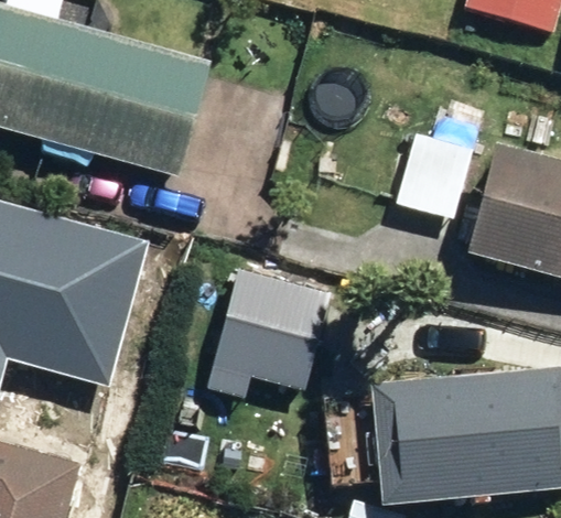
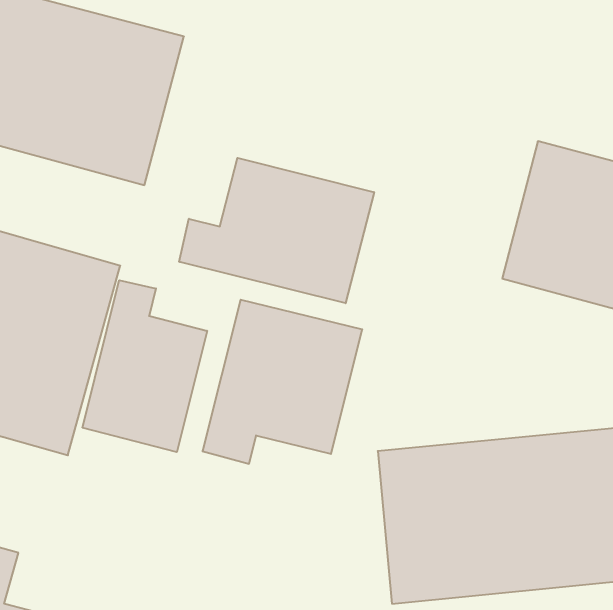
building: none -> [179,158,374,303]
building: none -> [83,280,207,452]

